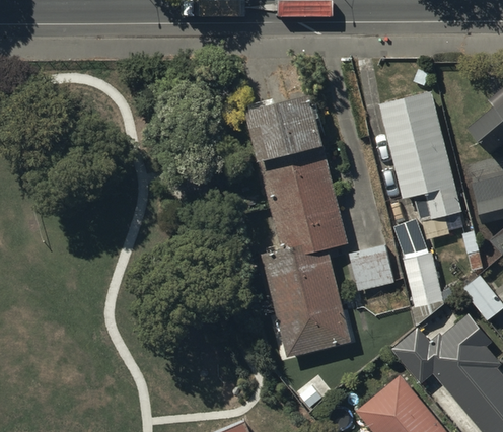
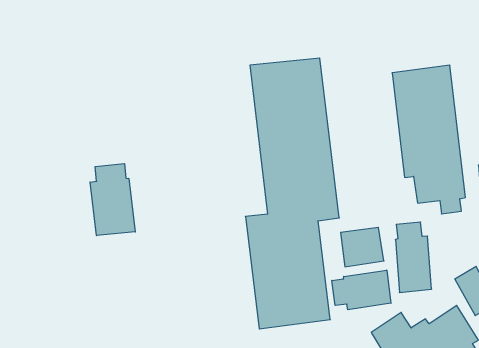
building: none -> [90,164,135,236]
building: none -> [332,270,391,310]

